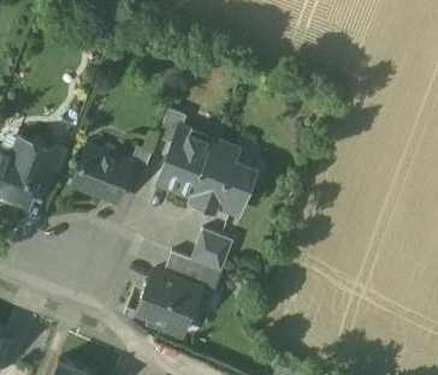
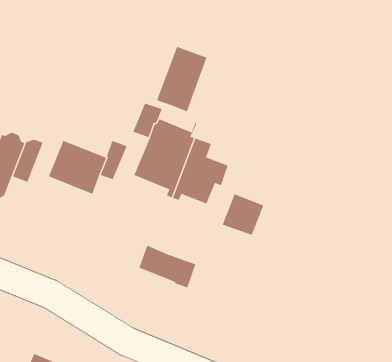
building: none -> [156,46,207,112]
building: [191,230,233,272] -> [222,193,264,236]
building: [137,272,200,335] -> none

